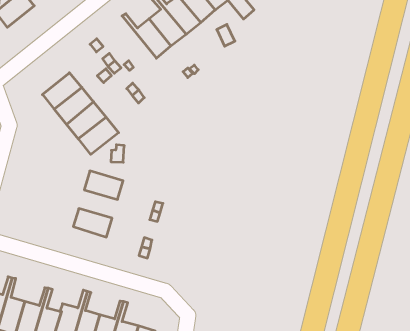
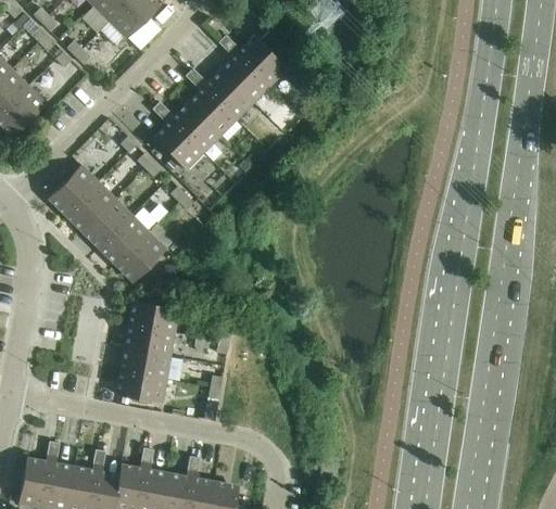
building: none -> [152,104,203,169]
building: none -> [50,164,98,212]
building: none -> [127,323,174,355]
building: none -> [118,370,165,403]

